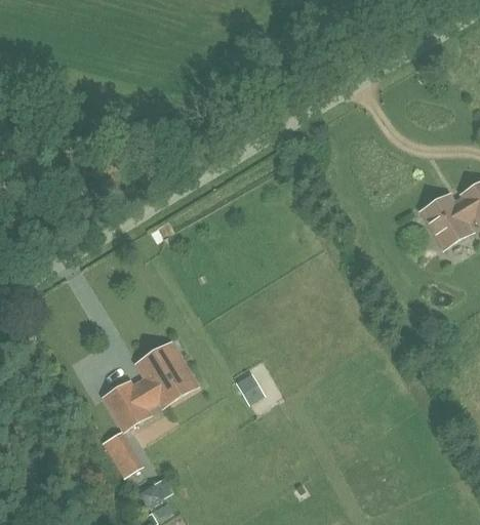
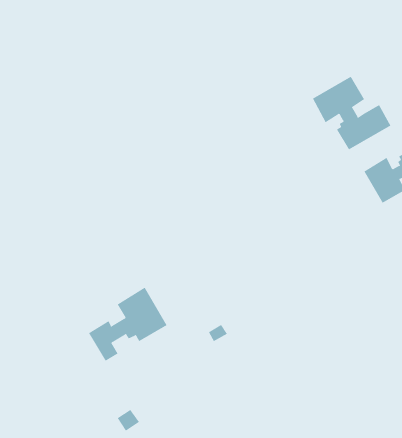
building: none -> [312,76,391,150]
building: [102,430,143,478] -> none

